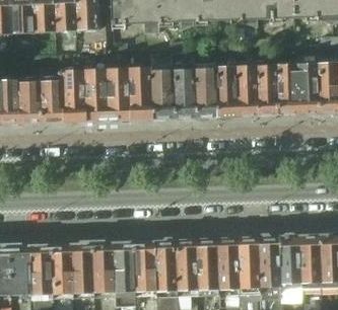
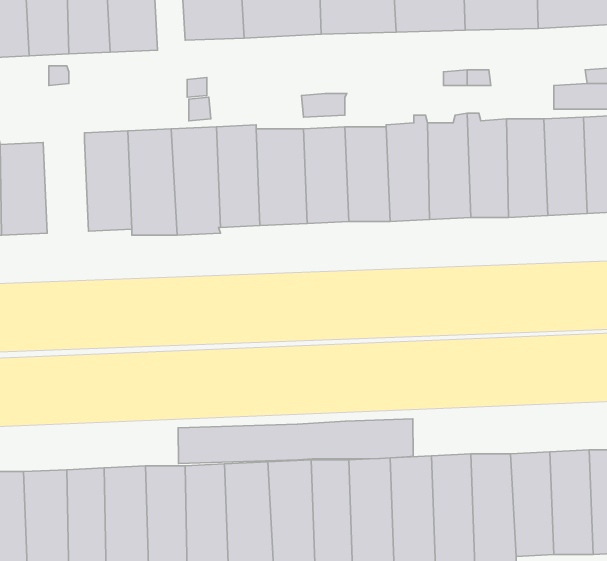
building: [39,76,62,124] -> none
building: none -> [178,419,413,464]

